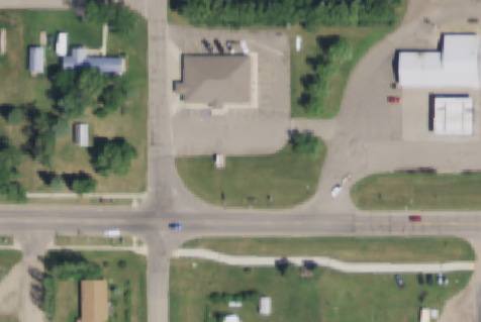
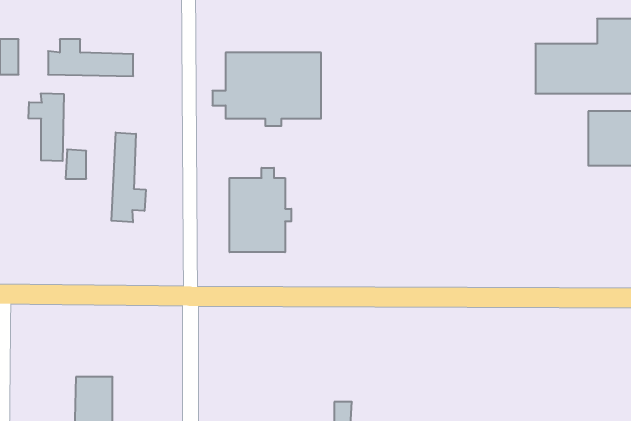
building: none -> [28,93,64,161]
building: none -> [111,132,146,222]
building: none -> [230,168,291,252]

